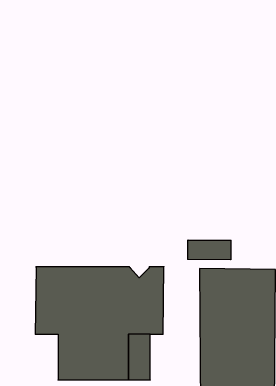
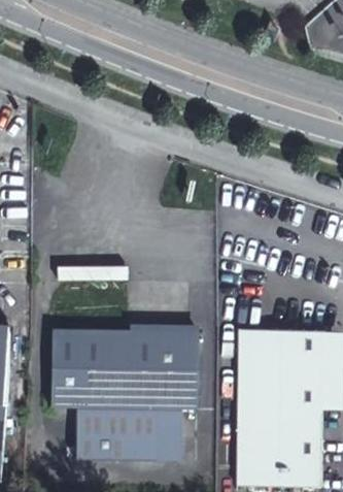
building: [188,240,231,260] -> none

